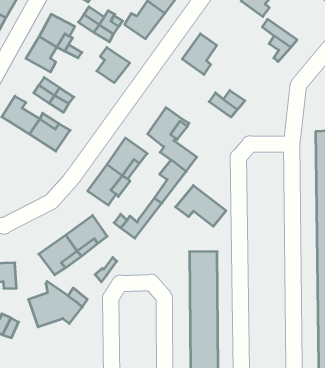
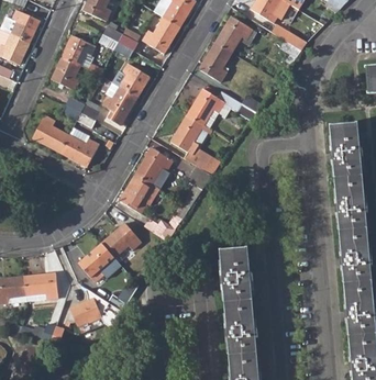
building: none -> [214,15,253,53]
building: none -> [101,86,136,124]
building: none -> [187,89,224,125]
building: [175,185,226,226] -> none

